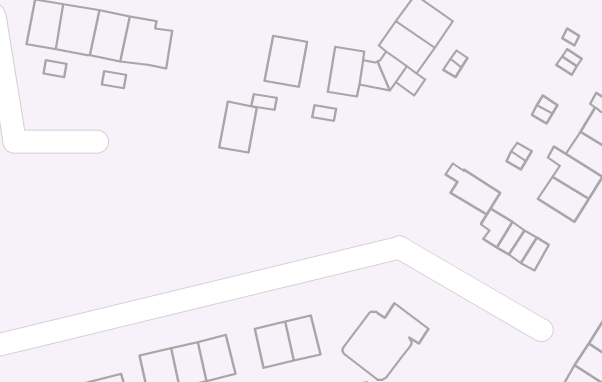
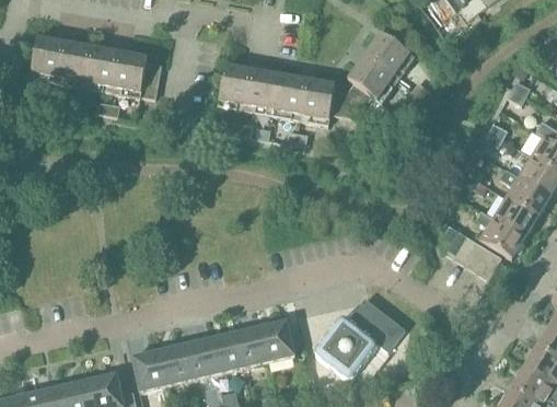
building: none -> [276,73,309,118]
building: [219,101,257,152] -> [219,62,253,108]
building: [445,164,500,215] -> [475,209,524,255]
building: none -> [210,332,244,372]

